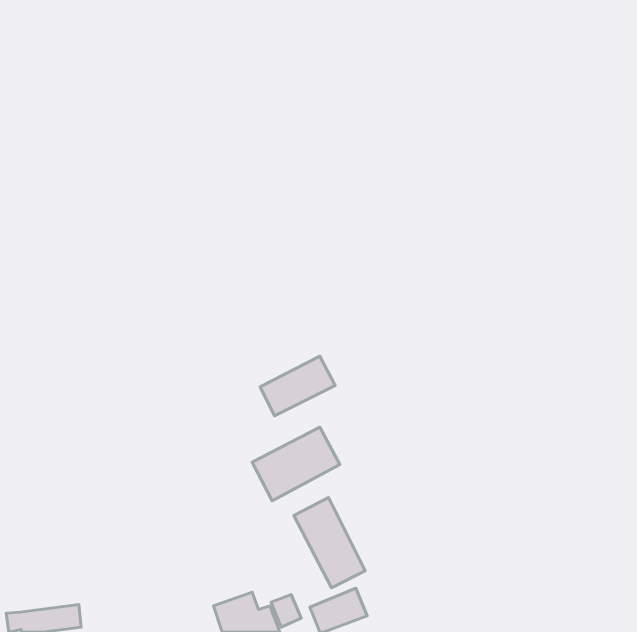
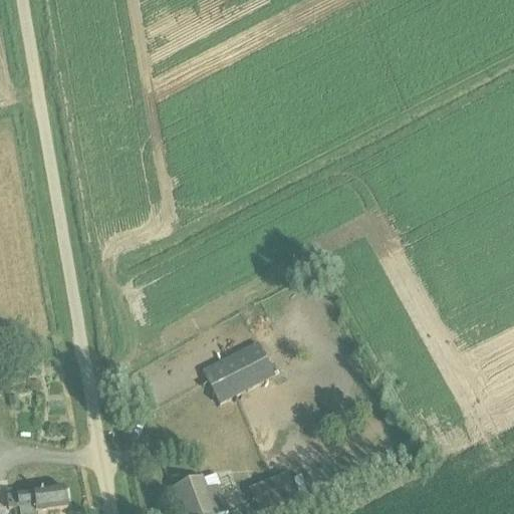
building: [260,356,335,416] -> none
building: [294,498,365,588] -> none

